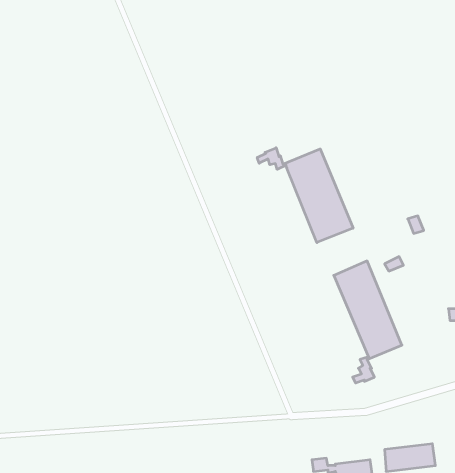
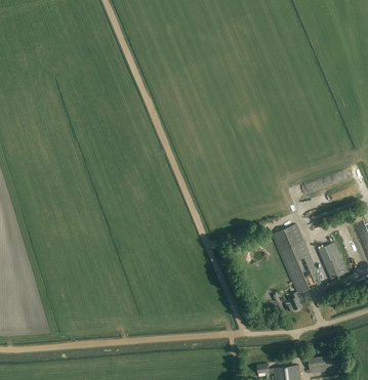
building: [257,148,353,243] -> none
building: none -> [319,240,349,277]

